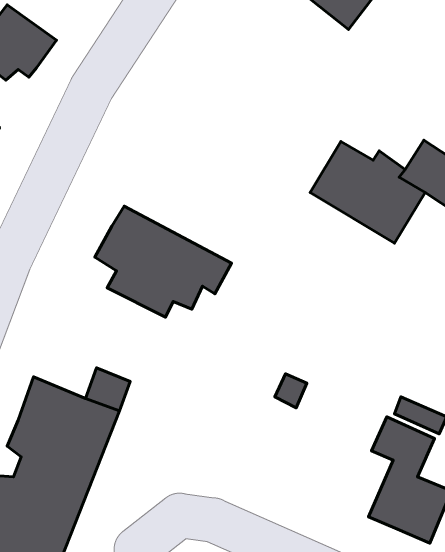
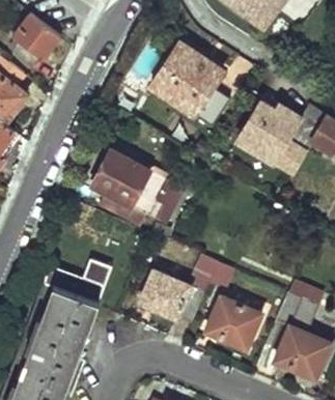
building: none -> [143,42,226,125]
building: none -> [138,267,204,323]
building: none -> [205,293,258,346]

